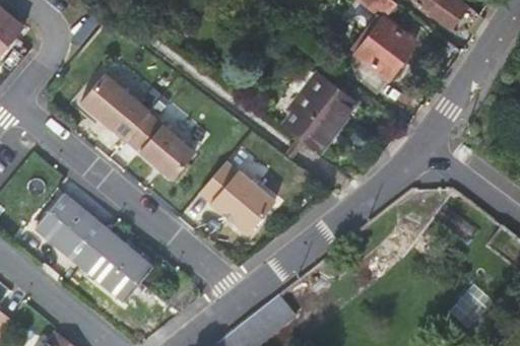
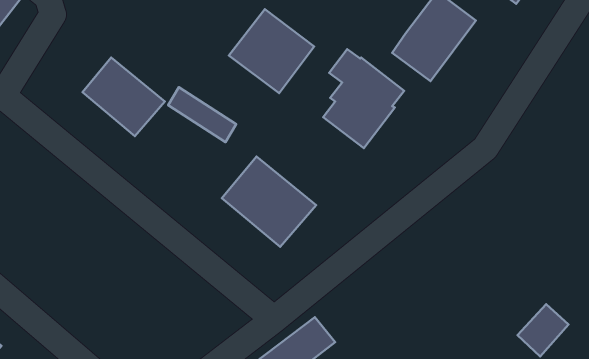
building: none -> [229,9,314,93]
building: [139,125,195,180] -> none
building: [35,194,153,302] -> none

